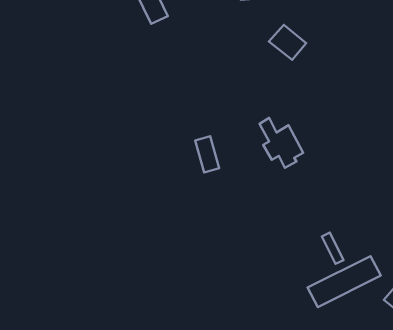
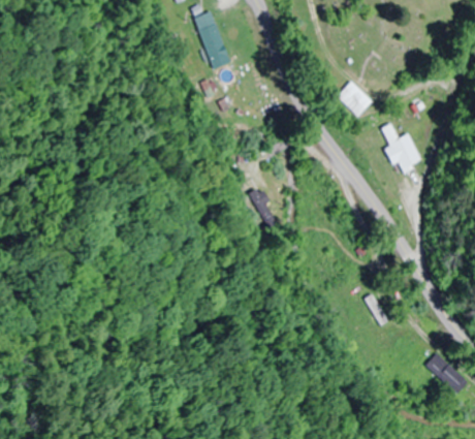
building: [259,118,303,168] -> [381,123,422,175]
building: [307,256,381,307] -> none

